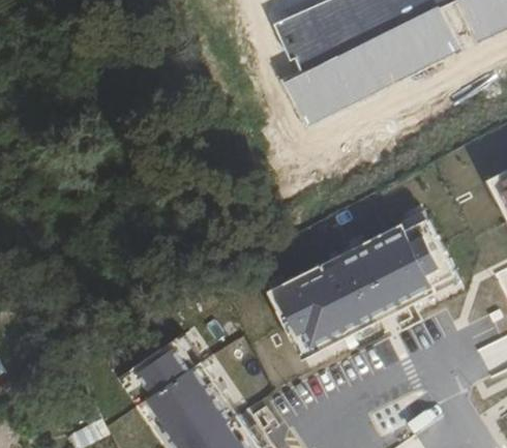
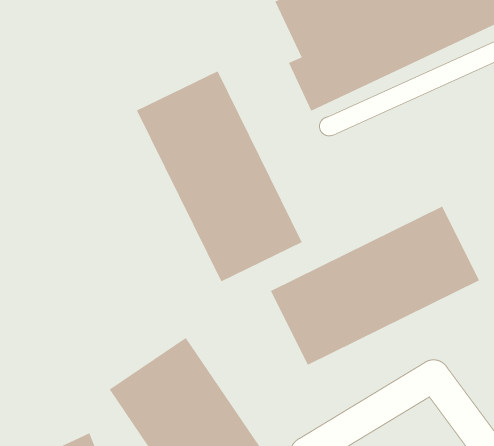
building: none -> [136,71,303,282]

